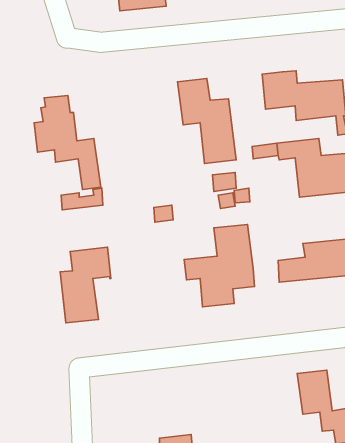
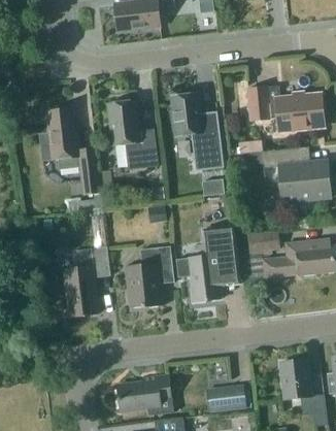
building: none -> [107,100,158,169]
building: none -> [248,231,279,252]
building: none -> [124,245,173,307]
building: none -> [116,375,172,418]
building: none -> [206,387,246,411]

